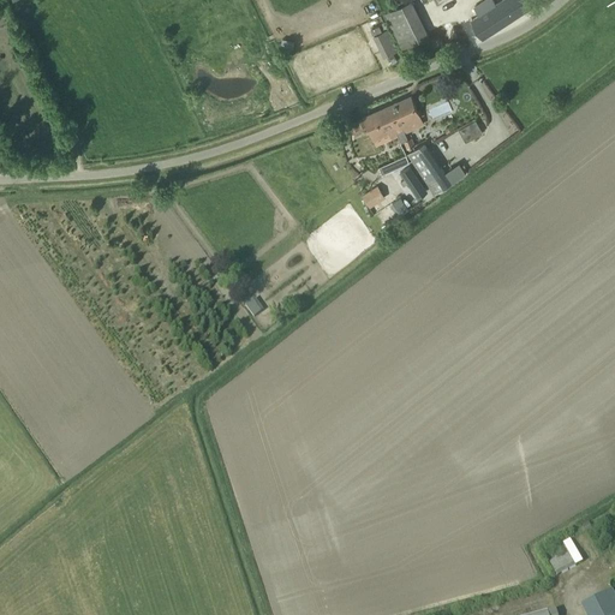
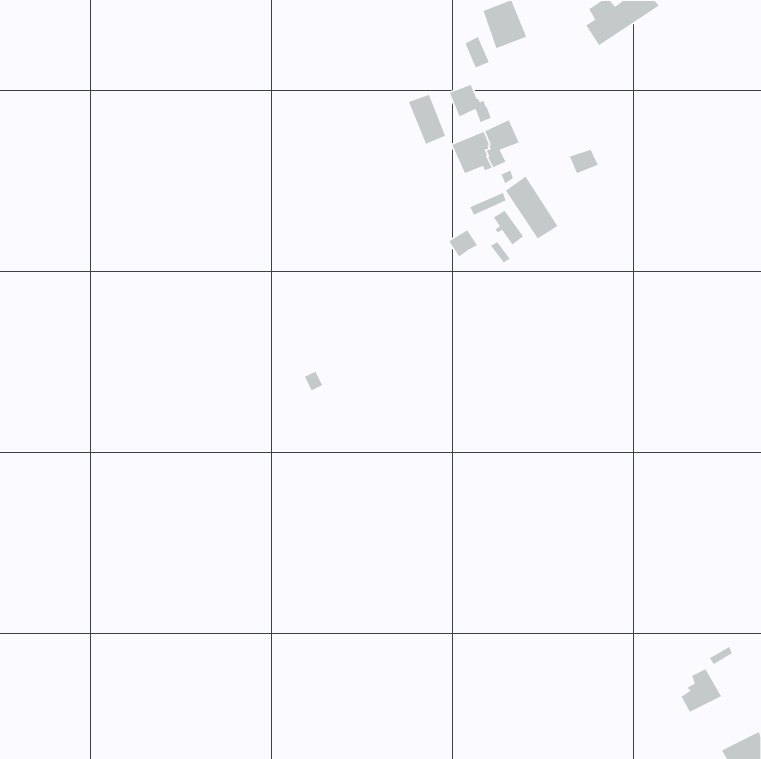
building: none -> [449,84,492,123]
building: none -> [408,94,446,145]

